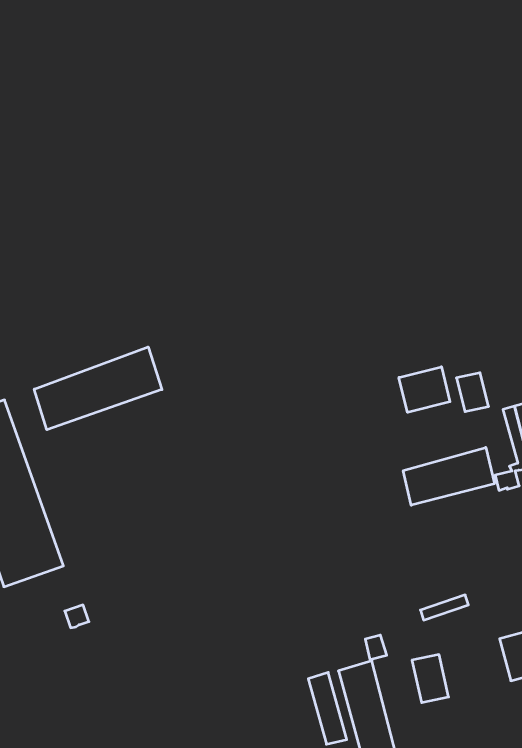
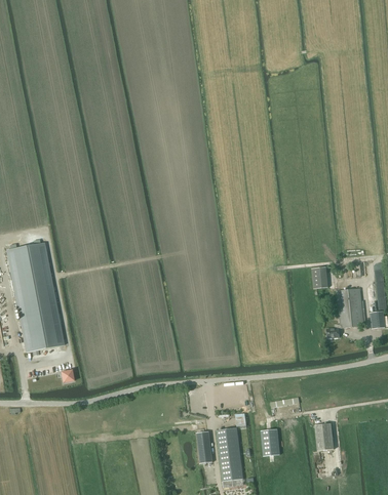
building: [34,347,162,430] -> none
building: [399,367,450,412] -> none
building: [403,447,494,505] -> none

